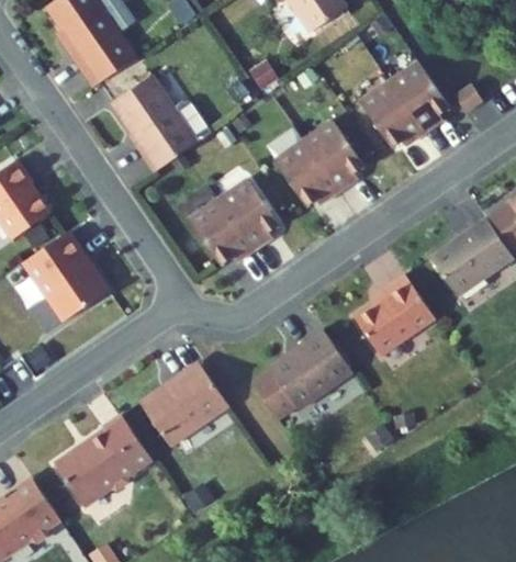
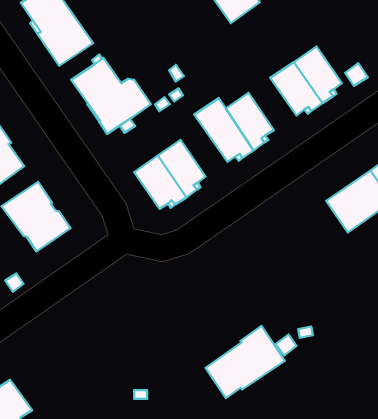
building: [355,273,435,355] -> none
building: [253,328,352,419] -> [206,326,285,398]
building: [139,361,229,447] -> none
building: [55,415,153,506] -> none

